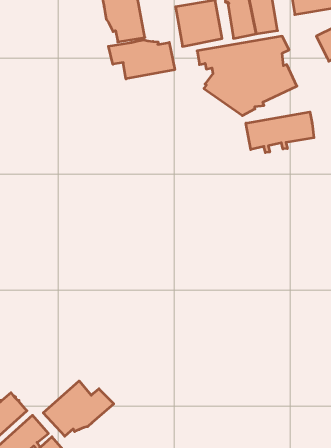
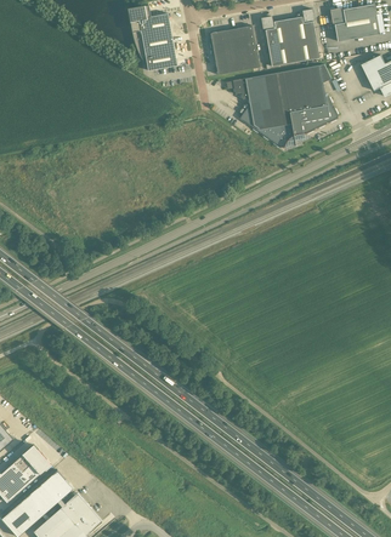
building: [108,40,175,79] -> none
building: [246,112,314,153] -> none
building: [43,381,114,436] -> none

